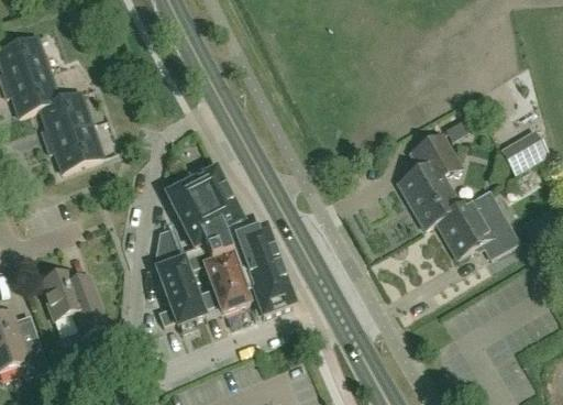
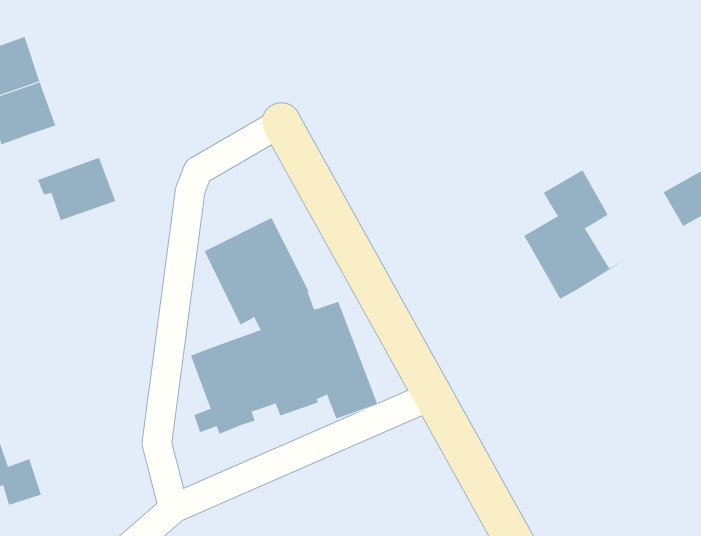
building: [40,92,90,141] -> none
building: [437,188,519,258] -> none
building: [154,227,183,262] -> none
building: [40,270,107,333] -> none

